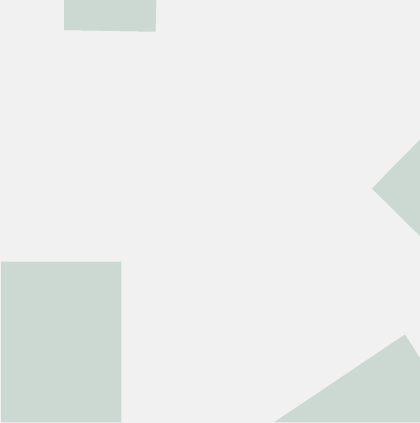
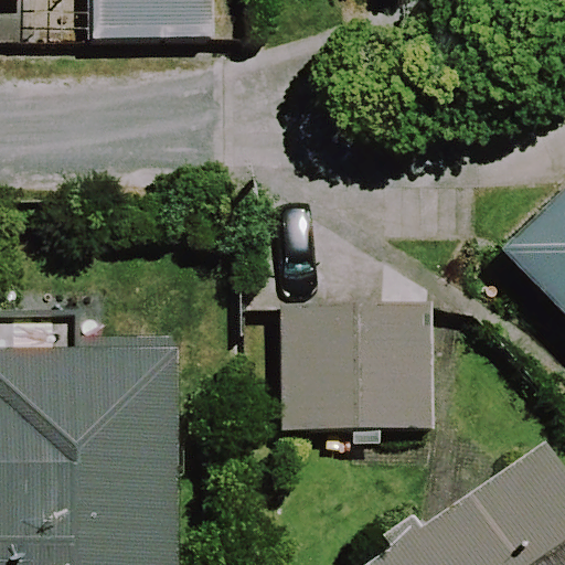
building: none -> [284,299,433,431]

